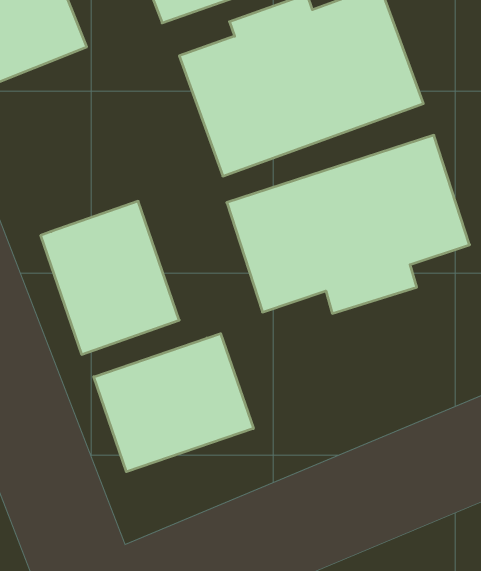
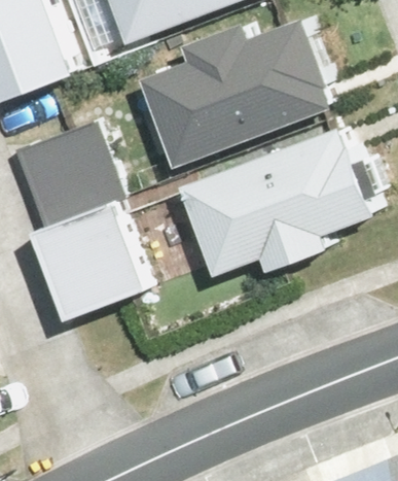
building: none -> [21,110,121,208]
building: [94,334,253,472] -> none

